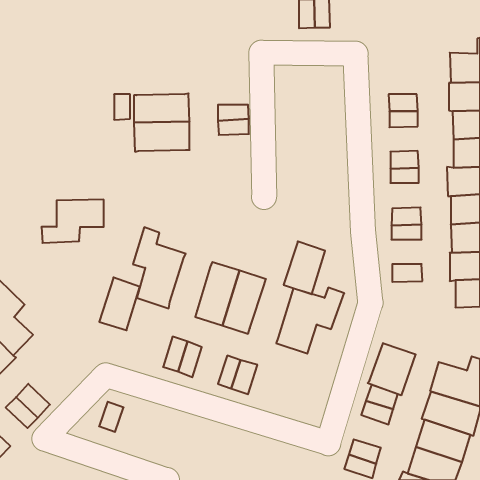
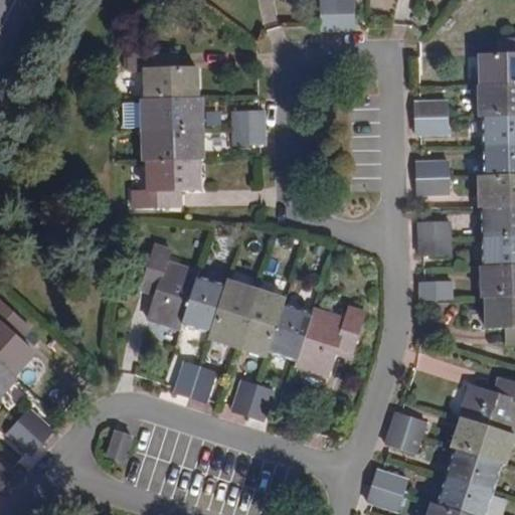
building: none -> [130,51,197,102]
building: [41,200,104,243] -> [132,160,198,206]
building: [284,241,325,294] -> [267,304,311,360]
building: [99,277,140,330] -> [181,275,224,331]
building: [368,343,416,395] -> none

